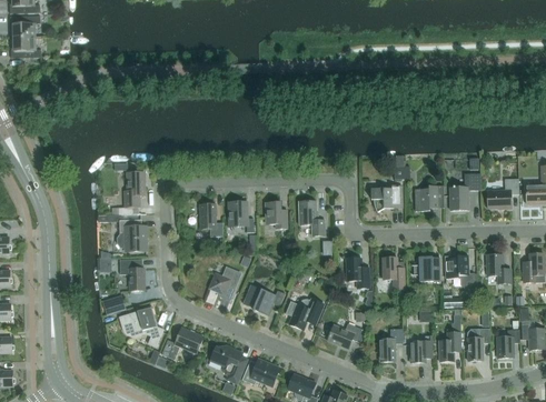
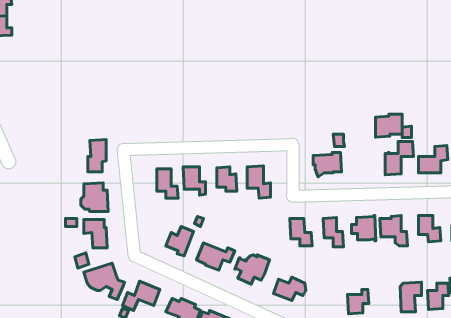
building: [415,185,444,211] -> [376,114,402,137]
building: [439,323,461,361] -> none
building: [379,328,404,361] -> none

